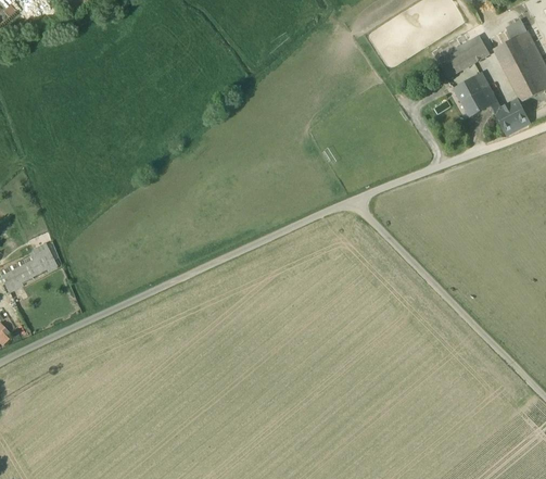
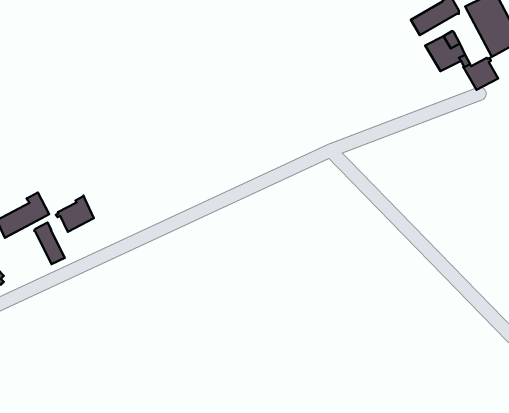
building: none -> [56,196,94,232]
building: none -> [34,223,65,264]

